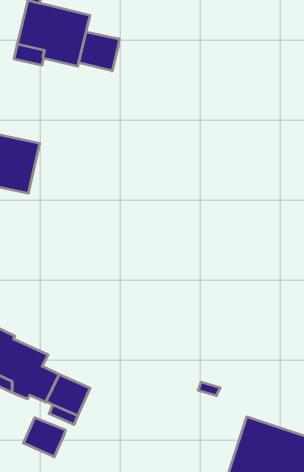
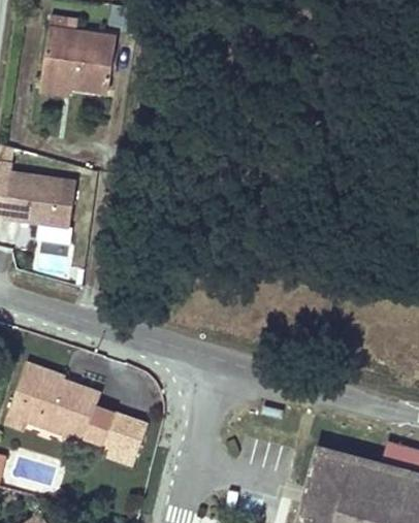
building: [79,32,119,71] -> none
building: [23,418,65,457] -> none

